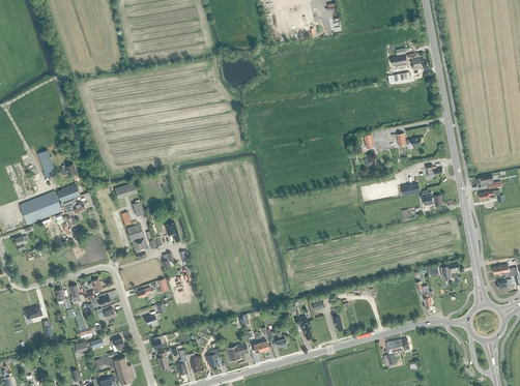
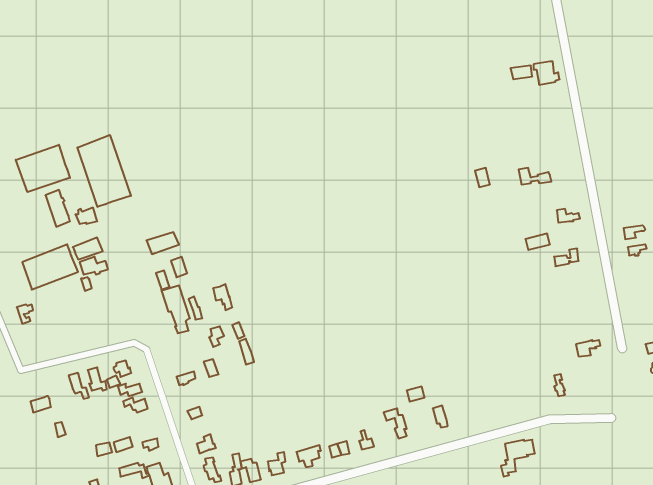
building: none -> [77,135,131,207]
building: none -> [16,145,70,192]

